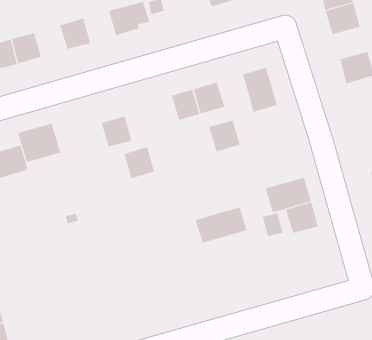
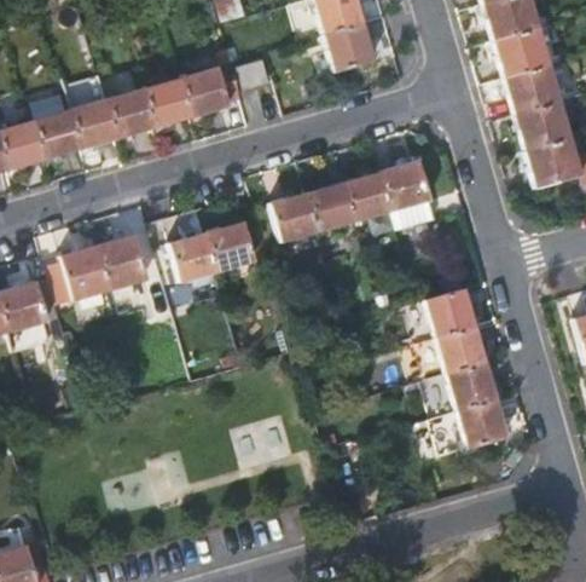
building: none -> [146,76,193,125]
building: none -> [72,98,121,145]
building: none -> [517,100,570,149]
building: none -> [99,234,149,289]
building: [208,120,240,152] -> [346,172,394,220]
building: [123,147,155,179] -> [208,223,255,271]
building: none -> [425,287,476,336]
building: [195,207,247,243] -> [429,399,507,454]

